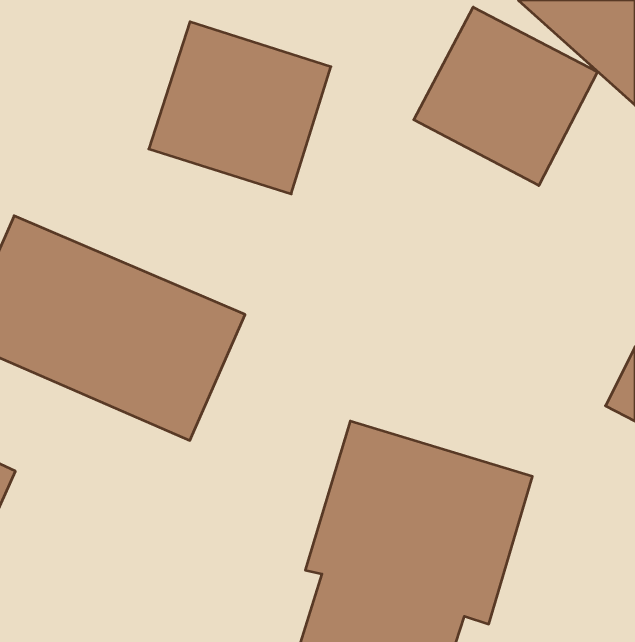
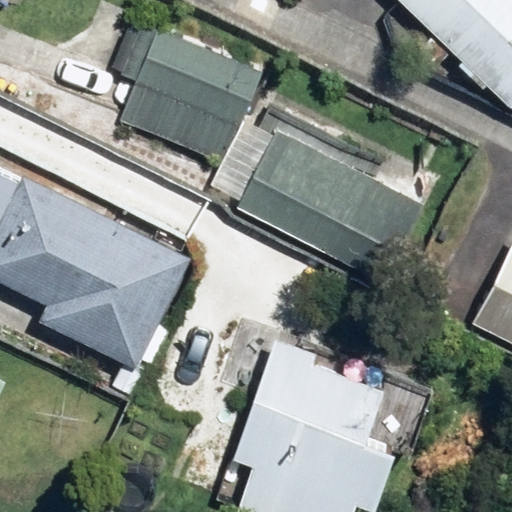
building: [414,7,597,186] -> none
building: none -> [229,110,434,284]

